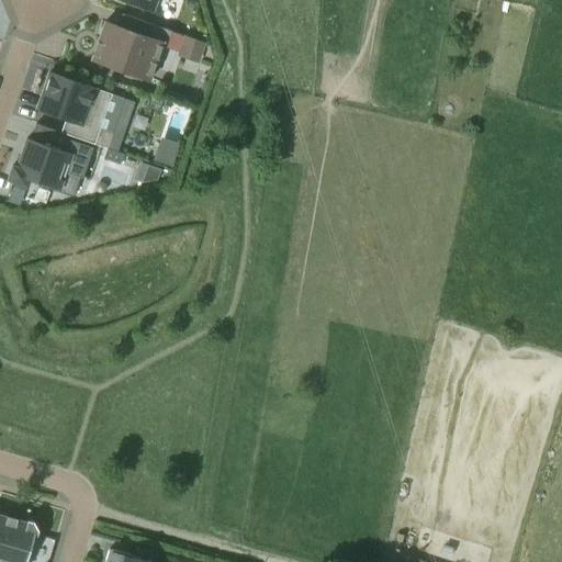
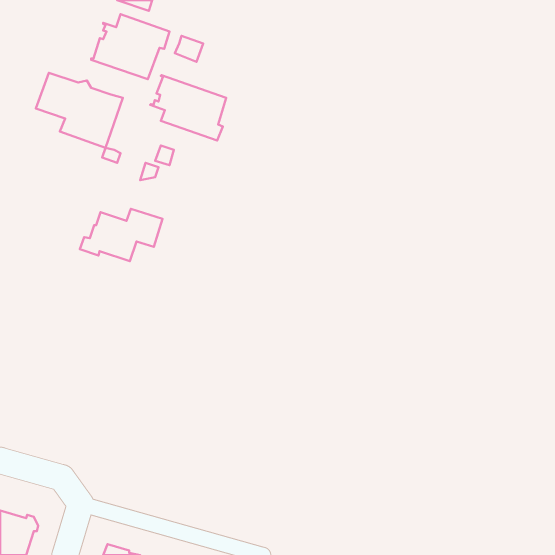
building: none -> [150,75,226,140]
building: [8,138,91,191] -> [80,209,162,261]

